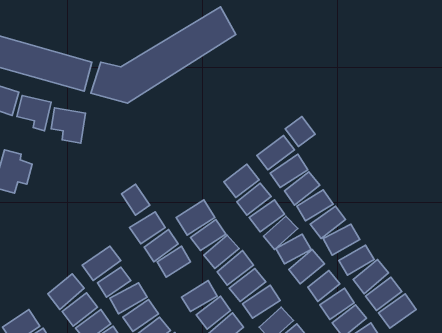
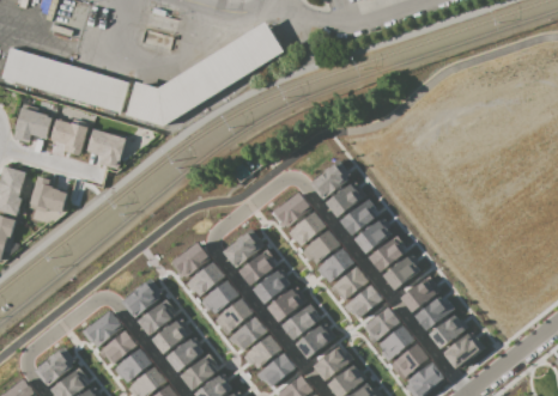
building: [285,117,315,146] -> none
building: [122,184,150,215] -> none
building: none -> [214,298,251,334]

